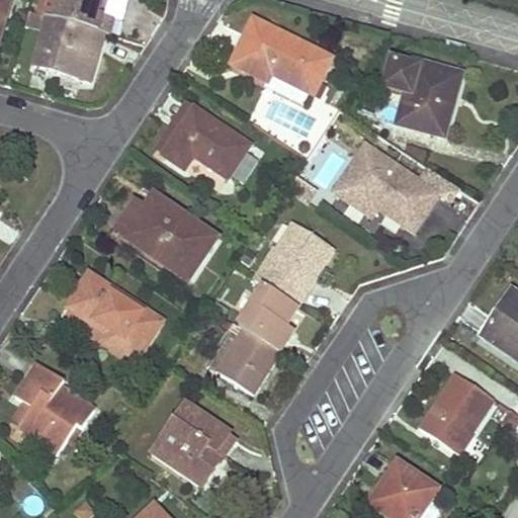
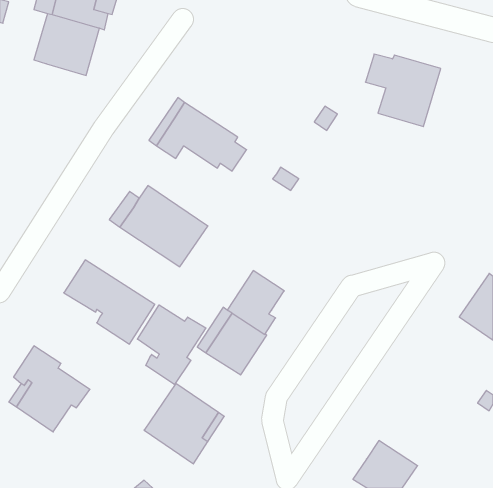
building: [230,19,330,94] -> none
building: [333,142,457,229] -> none
building: [255,222,334,305] -> none
building: none -> [137,305,206,385]
building: [419,372,493,450] -> none

